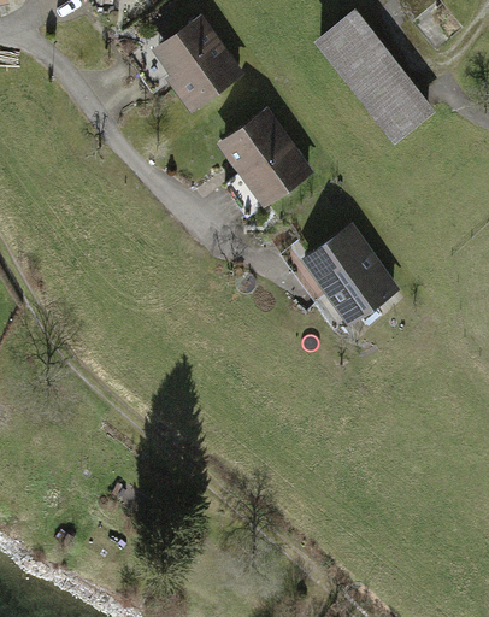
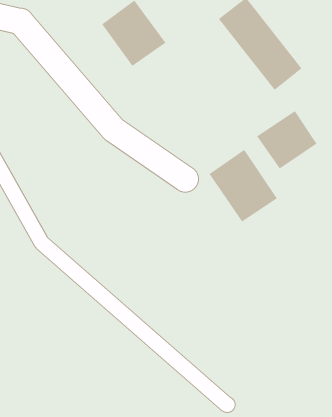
building: [217,107,313,207] -> none
building: none -> [256,110,318,170]

